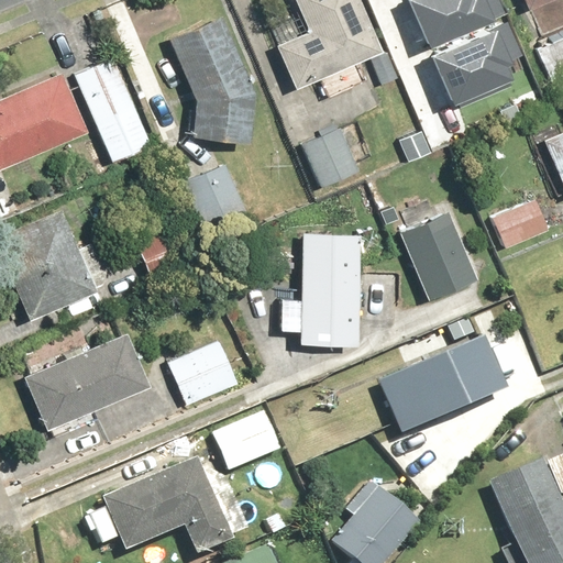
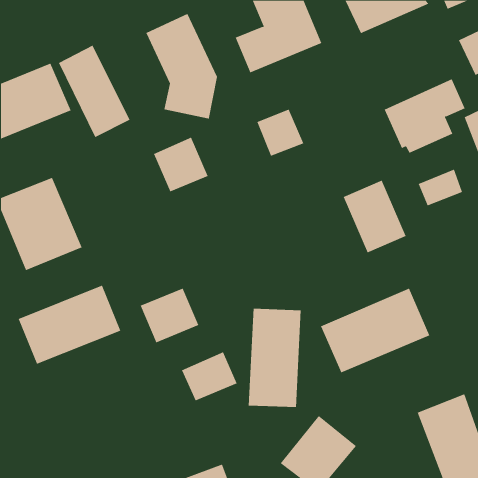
building: [428,13,523,101] -> [384,79,465,154]
building: [298,231,361,347] -> [248,308,302,408]
building: [103,460,228,555] -> none

